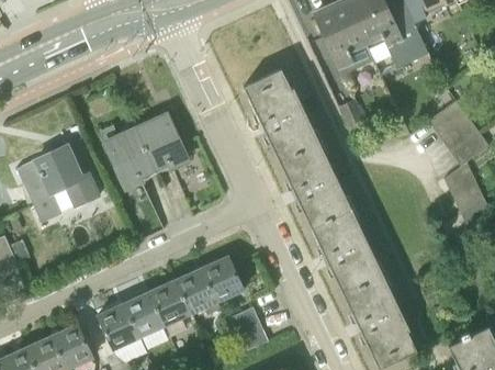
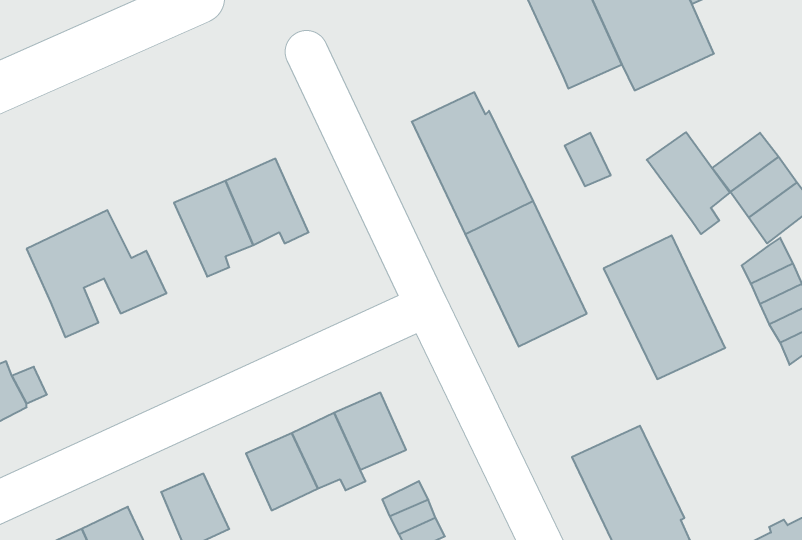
building: none -> [647,132,730,234]
building: [311,208,383,293] -> [604,235,725,379]
building: [123,291,164,336] -> none

